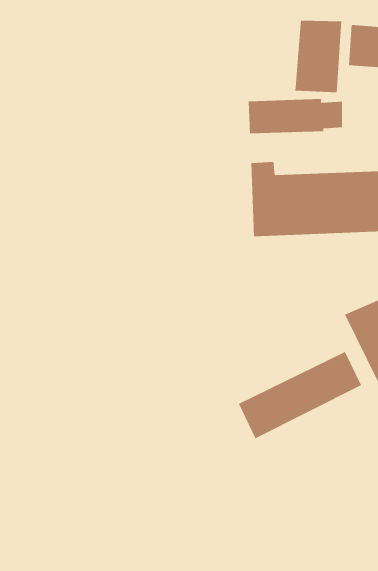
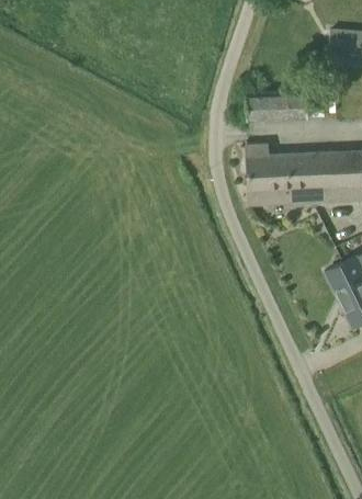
building: [295,20,342,93] -> none
building: [238,351,362,439] -> none

